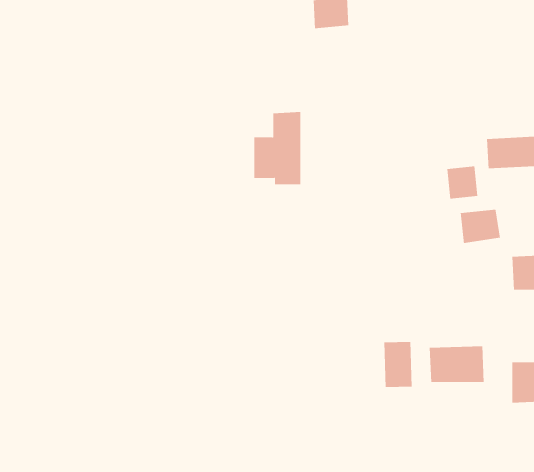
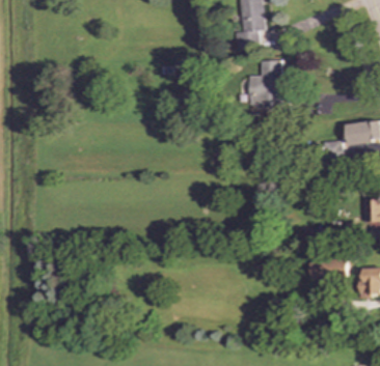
building: [254,111,301,185] -> [248,60,279,108]
building: [460,209,501,244] -> none
building: [384,341,412,388] -> none

